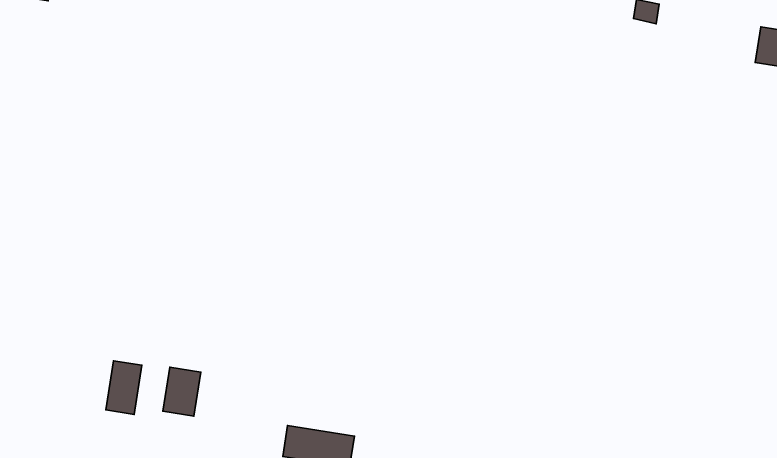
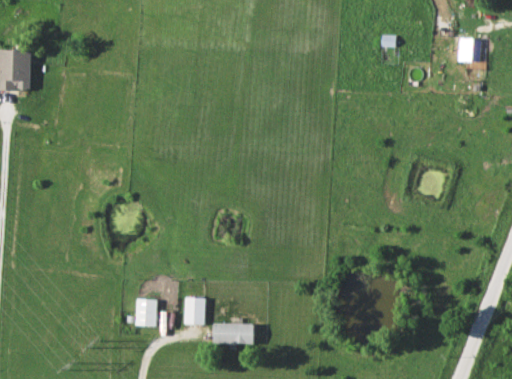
building: [106,361,142,414] -> none
building: none -> [183,298,204,324]

